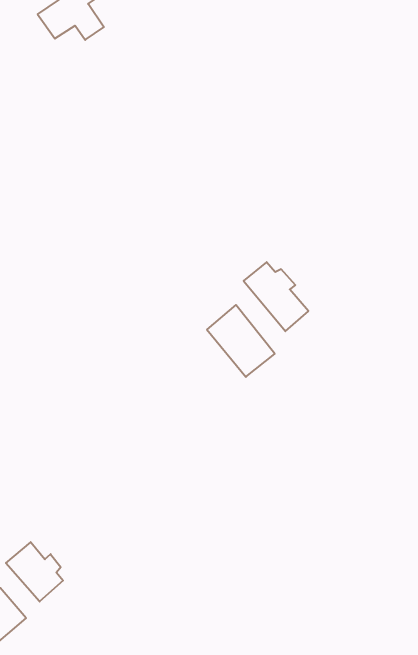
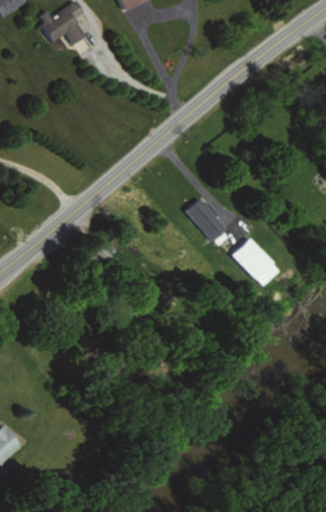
building: [207,305,275,377] -> [225,235,272,285]
building: [6,542,63,602] -> none

